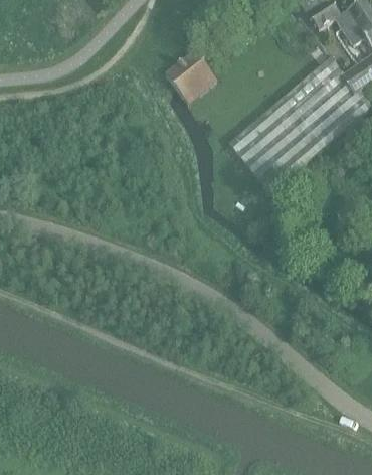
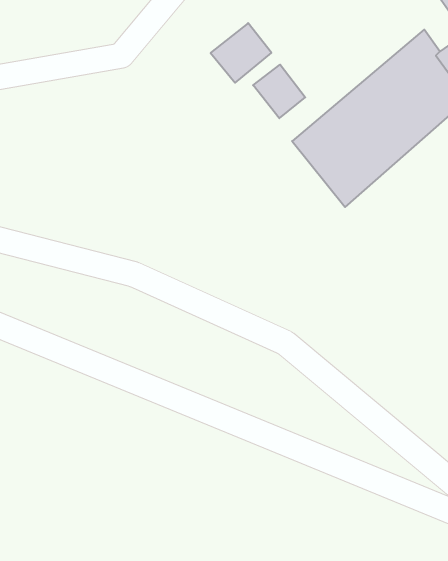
building: none -> [253,65,305,118]

